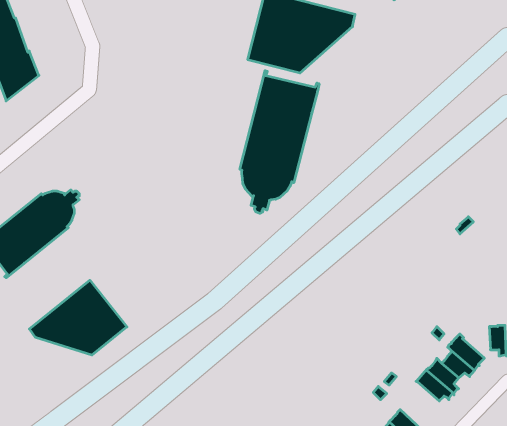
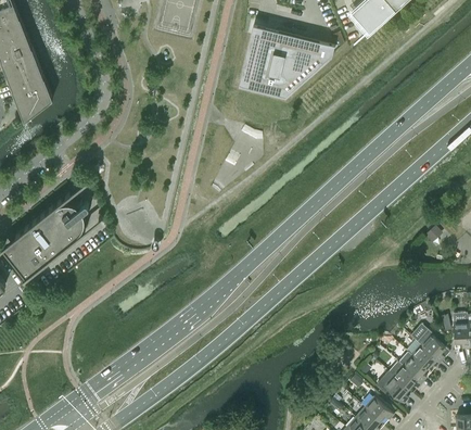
building: [240,71,319,213] -> none
building: [29,280,127,355] -> none
building: none -> [380,372,409,405]

